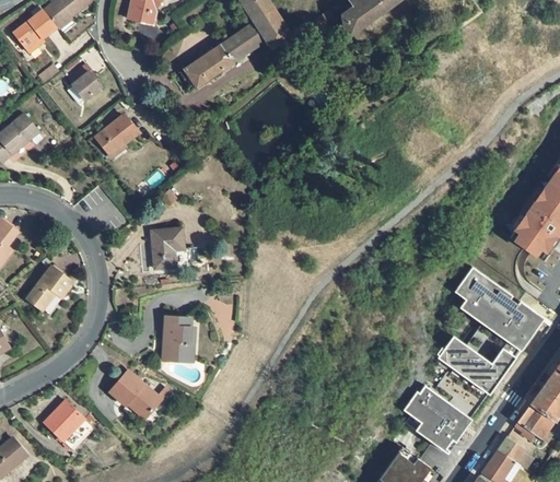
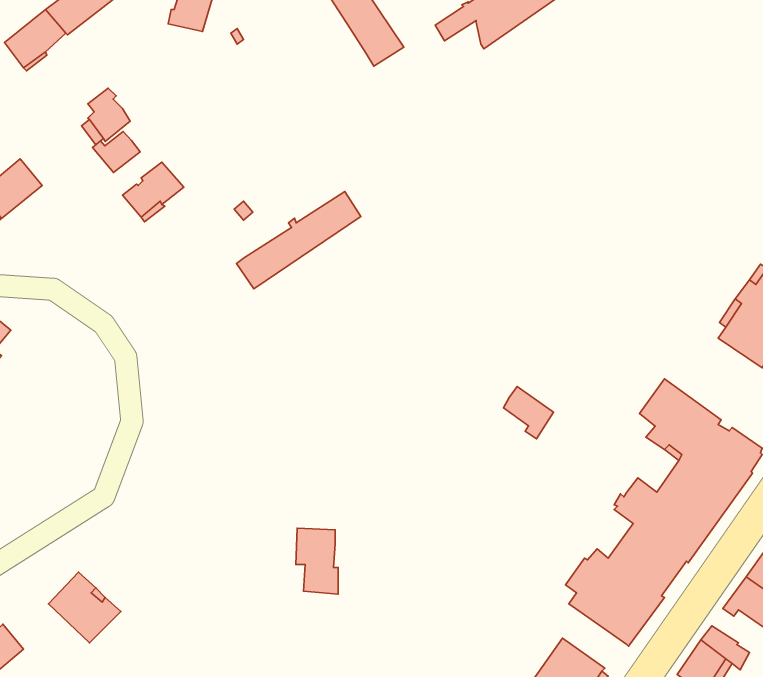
building: [179,23,266,91] -> [237,191,361,289]
building: none -> [92,132,140,173]
building: [152,230,184,269] -> none
building: [27,267,73,310] -> none
building: none -> [504,387,553,439]
building: [164,317,194,363] -> [296,528,338,594]
building: [110,371,162,419] -> none

